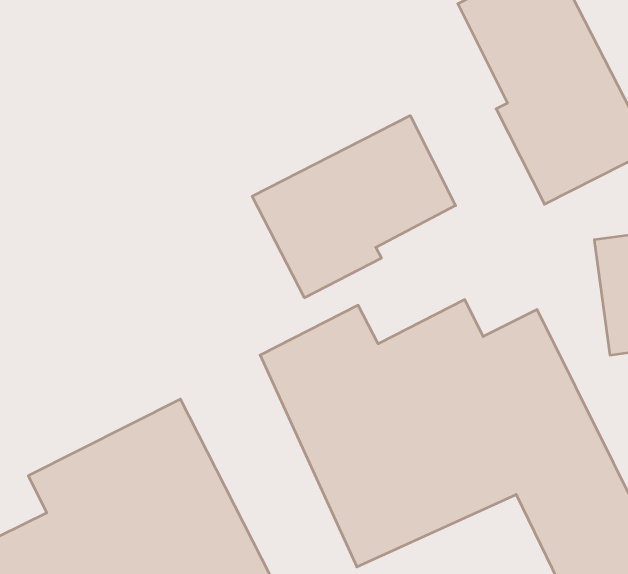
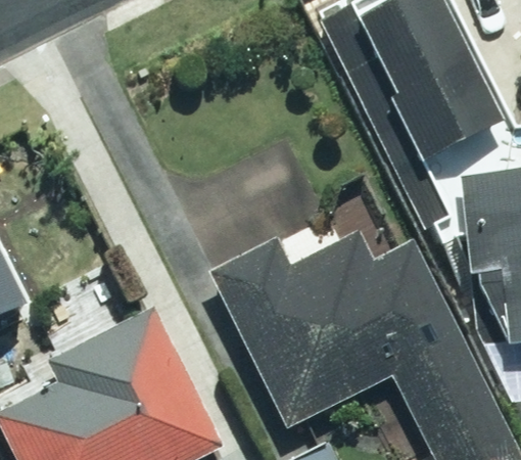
building: [252,116,456,298] -> none

